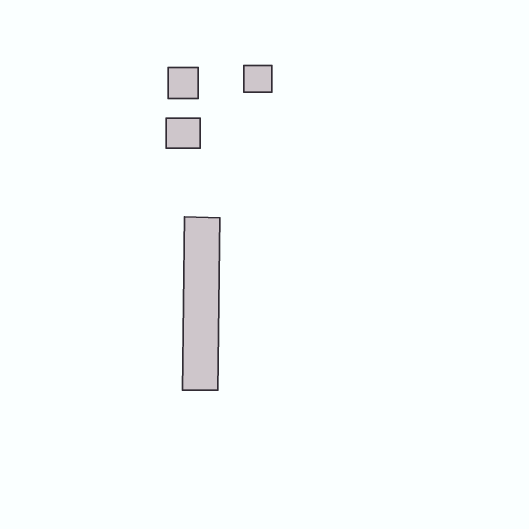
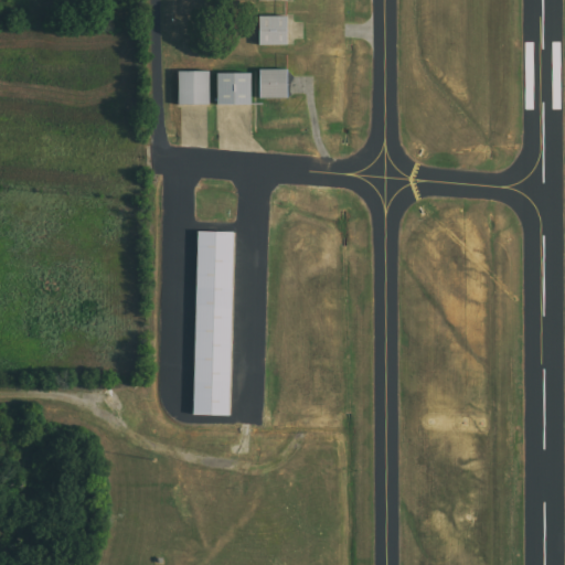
building: none -> [259,15,289,45]
building: [166,118,200,148] -> [217,73,254,105]

